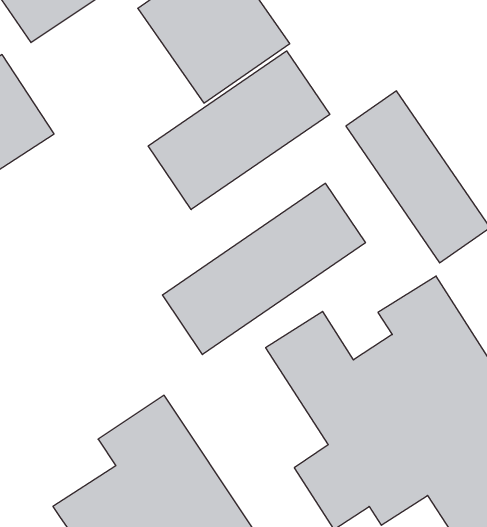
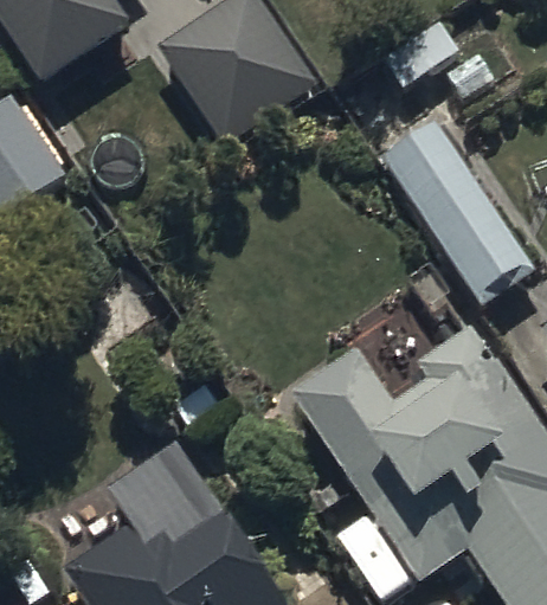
building: [148,51,330,210] -> none
building: [162,183,365,355] -> none

